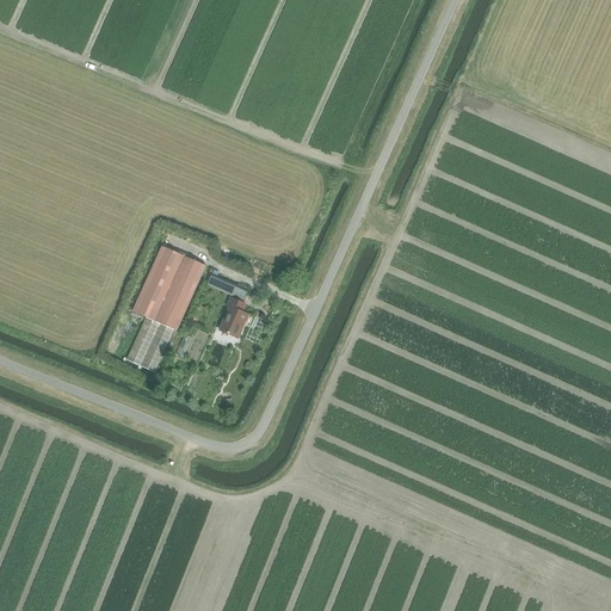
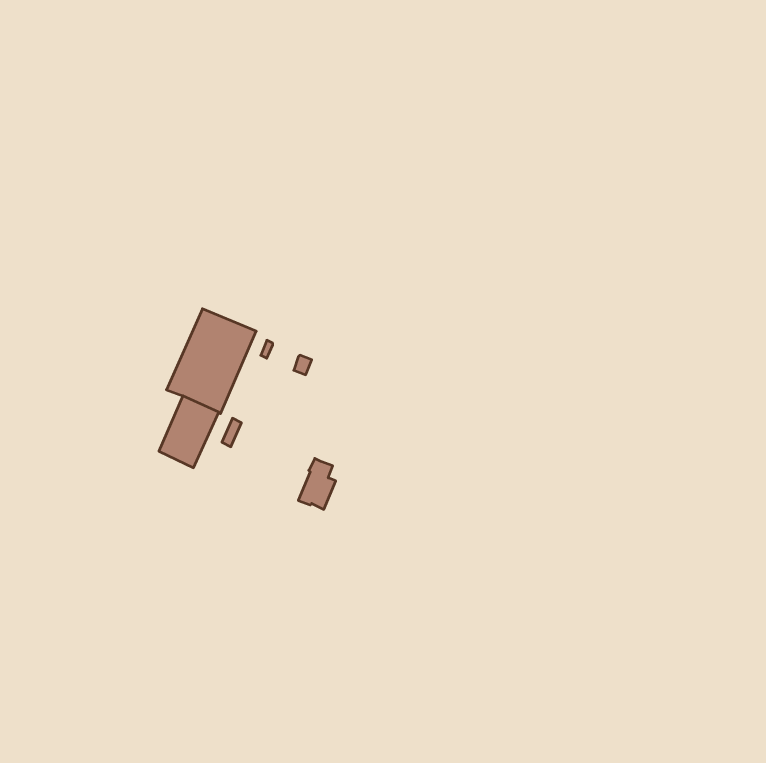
building: [218,297,248,338] -> [298,458,336,509]

